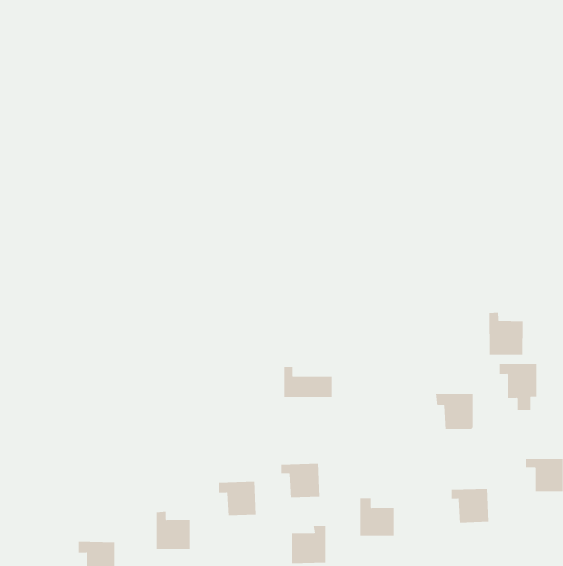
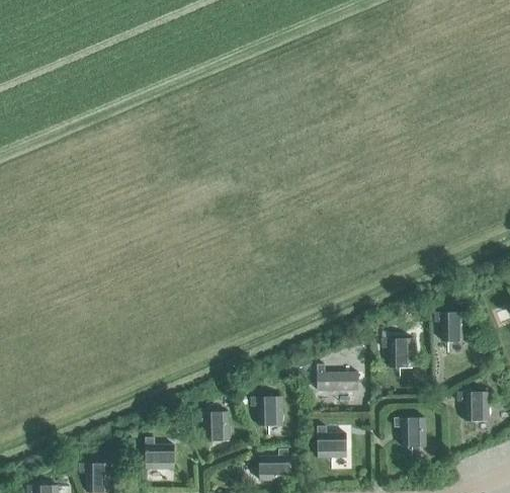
building: [489,312,523,355] -> none
building: [283,366,333,398] -> [317,364,358,391]

